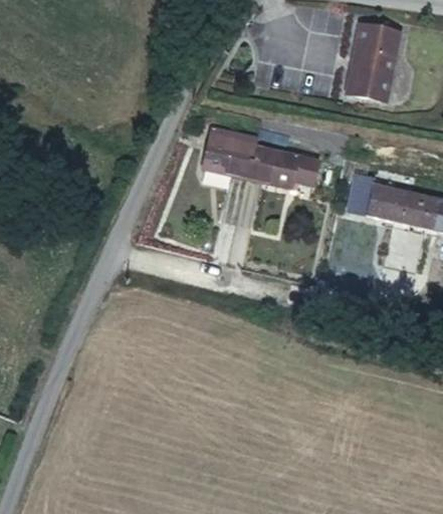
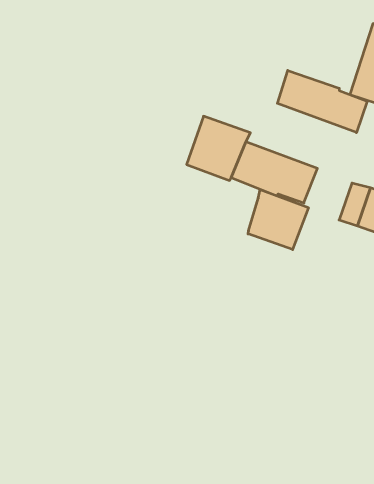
building: none -> [277,70,367,133]
building: none -> [248,190,308,250]

